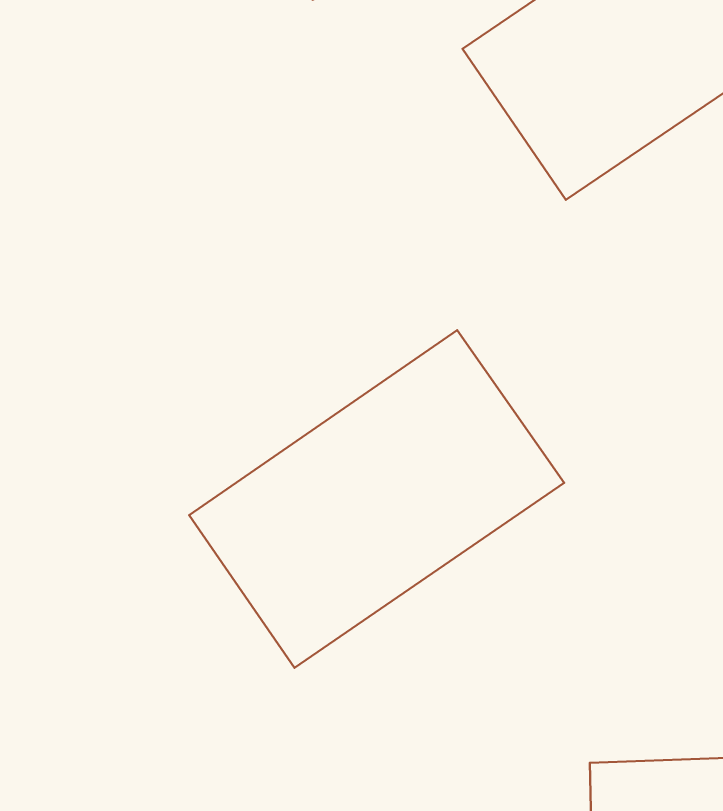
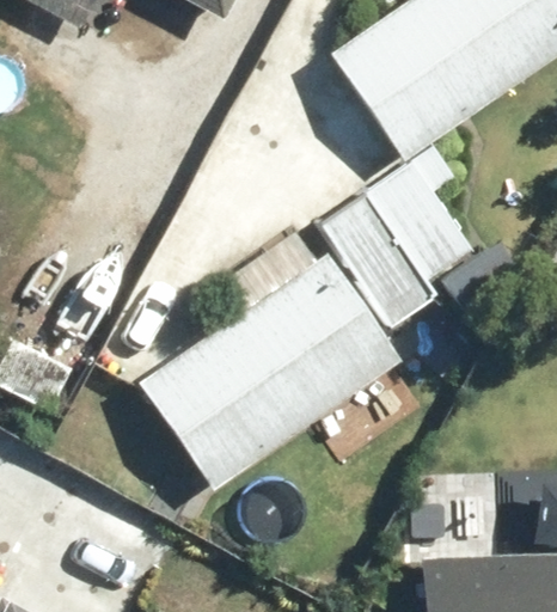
building: none -> [322,146,472,325]

